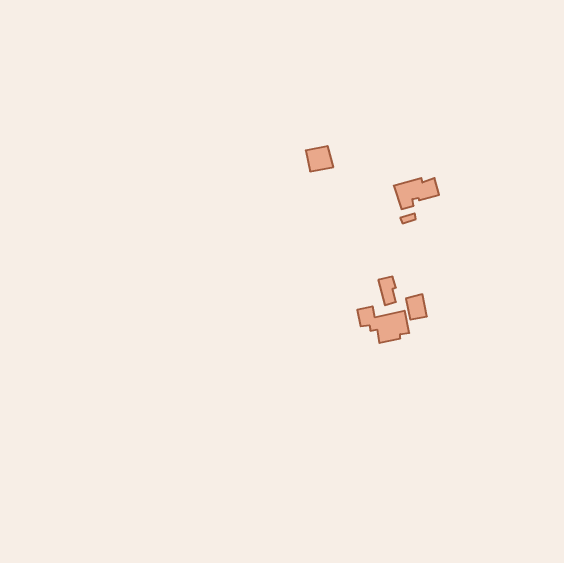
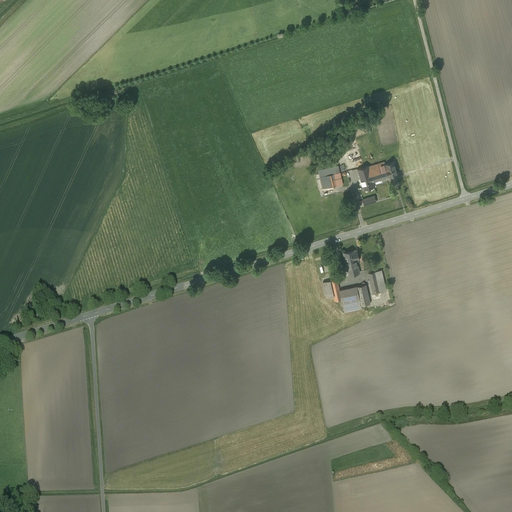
building: [306,146,333,171] -> [318,165,343,188]

